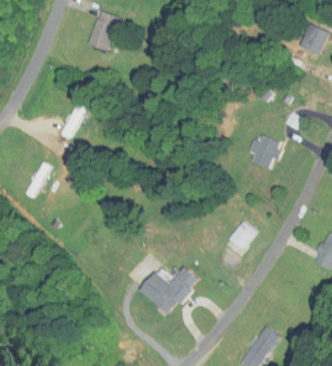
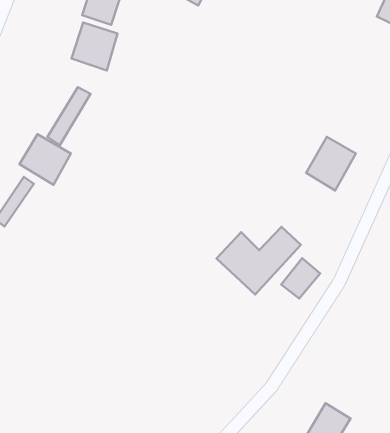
building: none -> [72,22,118,70]
building: none -> [20,134,71,185]
building: [143,267,204,316] -> [216,227,301,294]

